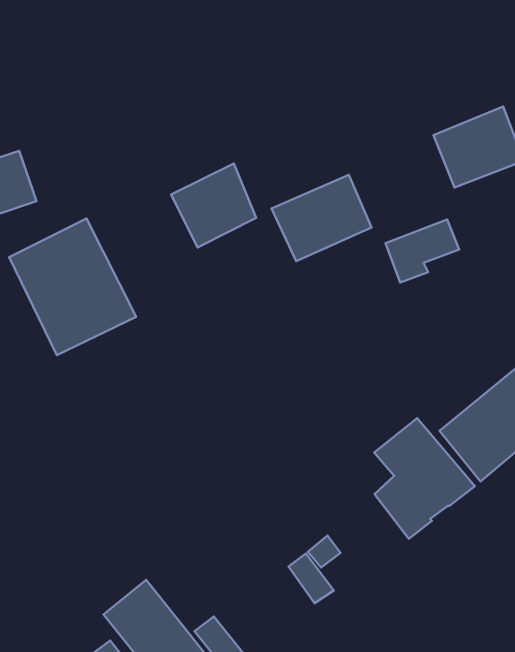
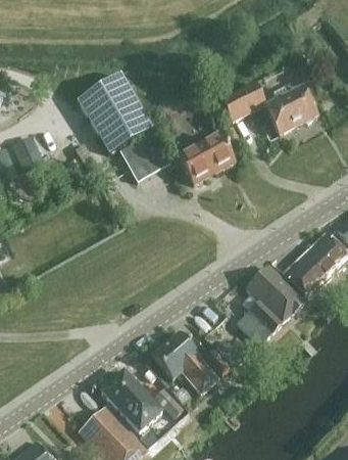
building: [9,218,136,355] -> [78,74,152,152]
building: [385,220,459,283] -> [221,83,263,121]
building: none -> [236,310,270,347]
building: none -> [152,330,218,394]

